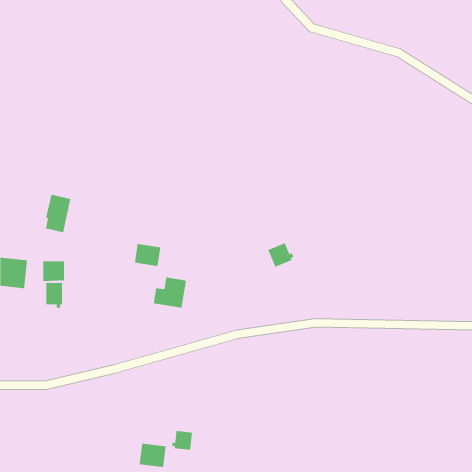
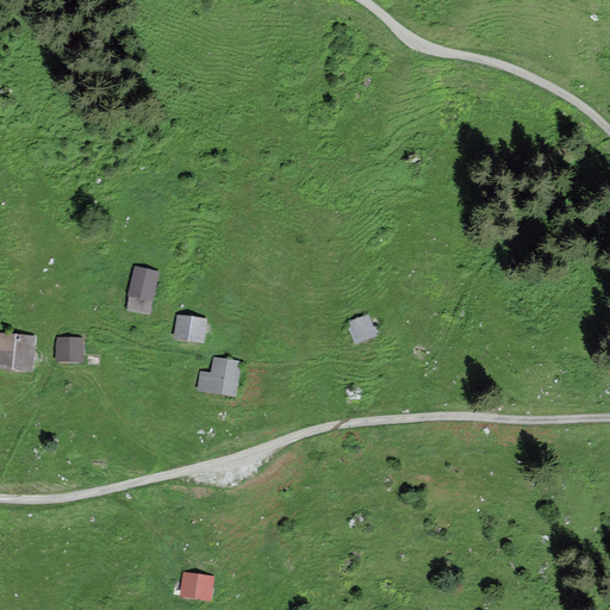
building: [45,194,71,233] -> [126,264,160,315]
building: [46,282,62,309] -> none
building: [172,430,193,451] -> none

